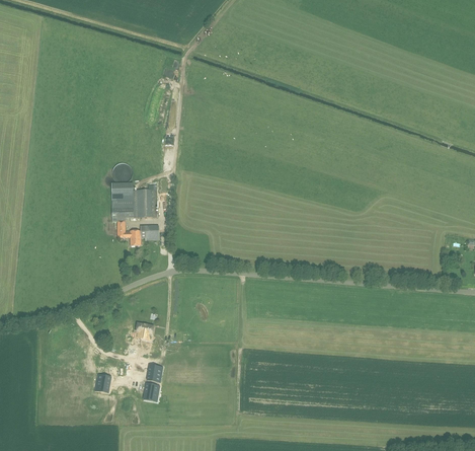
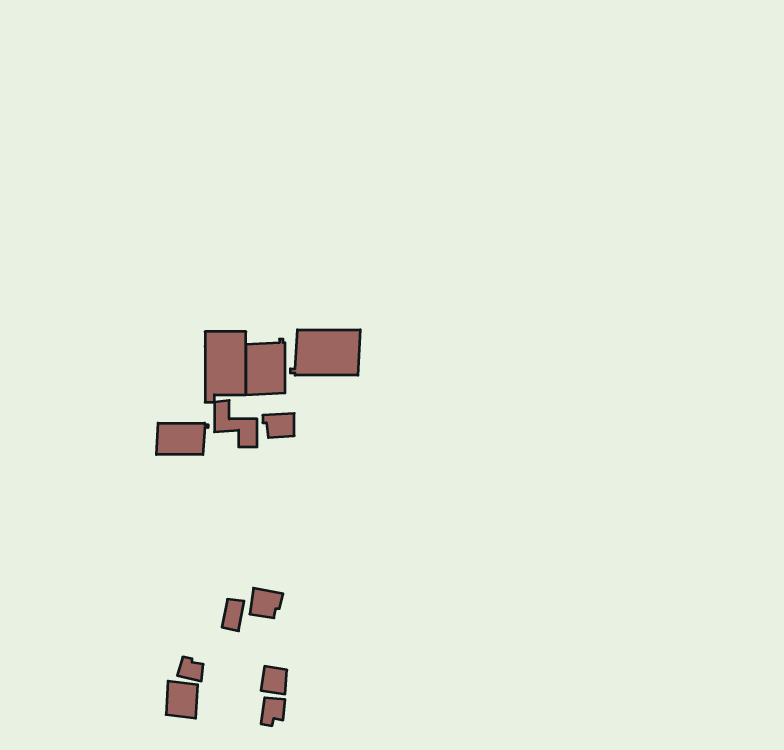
building: none -> [290,330,360,375]
building: none -> [156,423,208,455]

